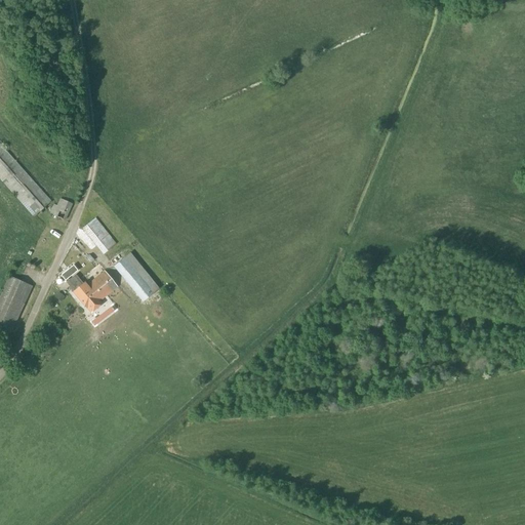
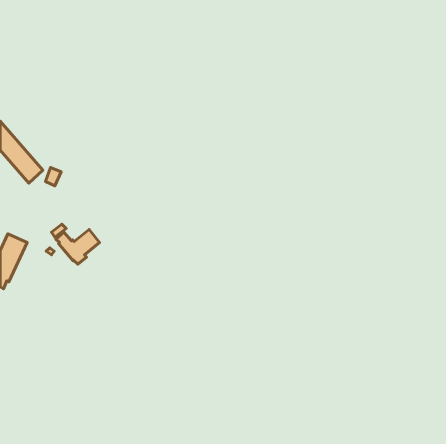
building: [83,217,116,252] -> none
building: [114,251,159,300] -> none

